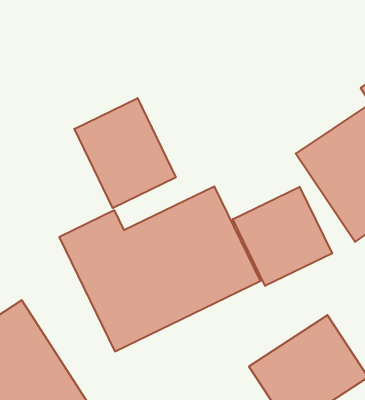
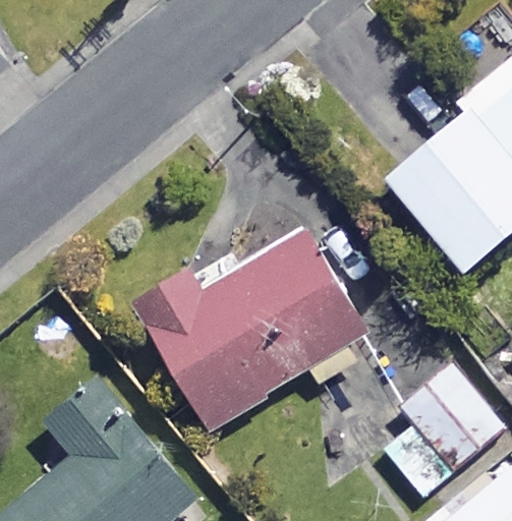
building: [74,98,176,208] -> none
building: [233,187,332,286] -> none

